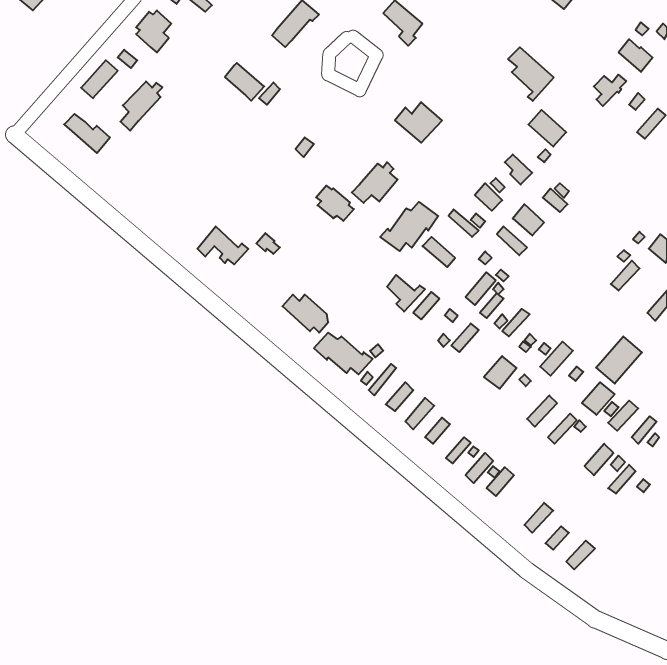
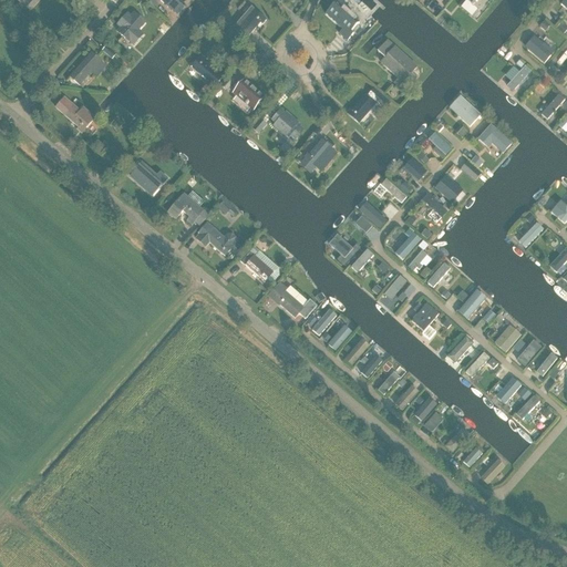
building: [508,47,554,101] -> [377,39,415,84]
building: [120,81,162,131] -> none
building: none -> [233,79,264,109]
building: none -> [476,122,511,151]
building: [316,186,354,221] -> [270,107,302,137]
building: none -> [130,161,163,193]
building: [380,202,438,251] -> none
building: none -> [195,221,235,254]
building: [596,336,642,384] -> none

